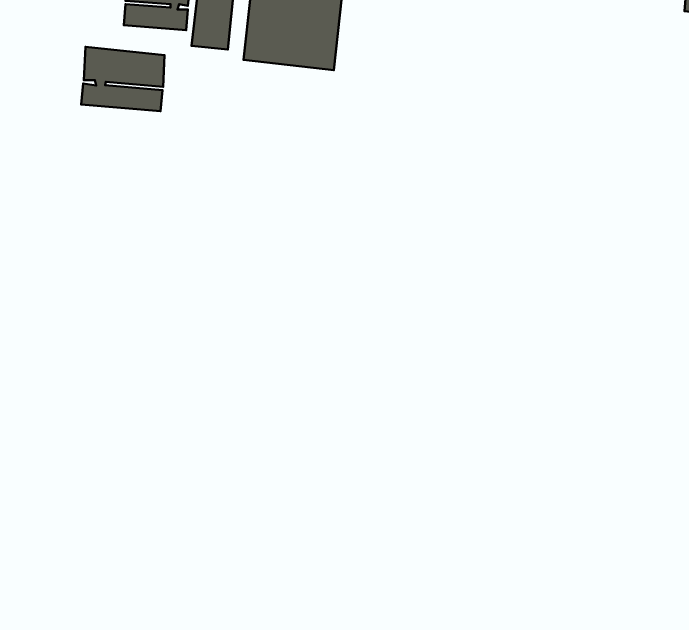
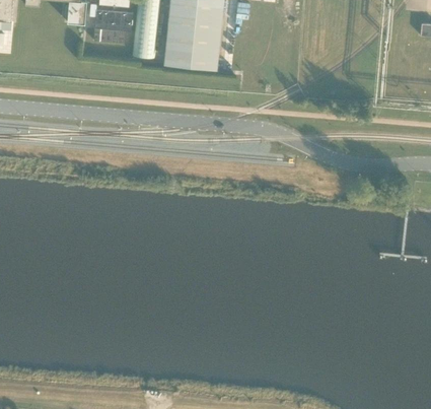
building: [81,47,165,111] -> none

